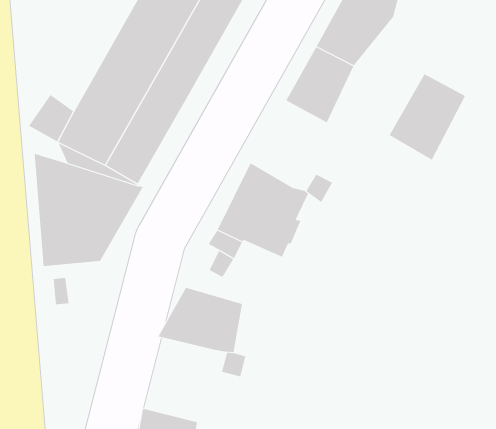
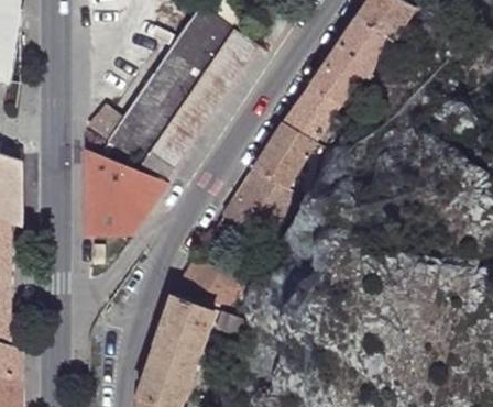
building: [389,73,466,161] -> [251,124,311,190]
building: none -> [153,293,211,360]

